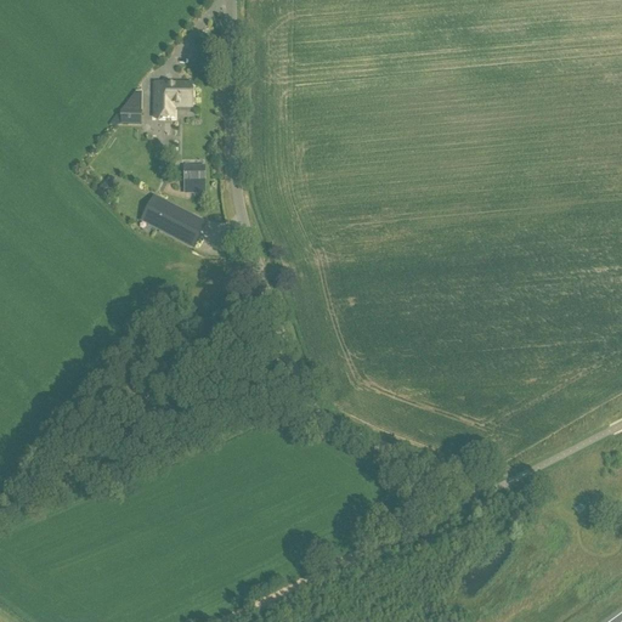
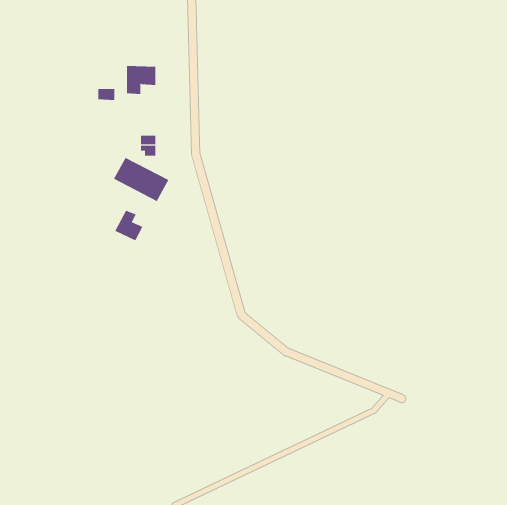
building: none -> [115,210,143,241]

